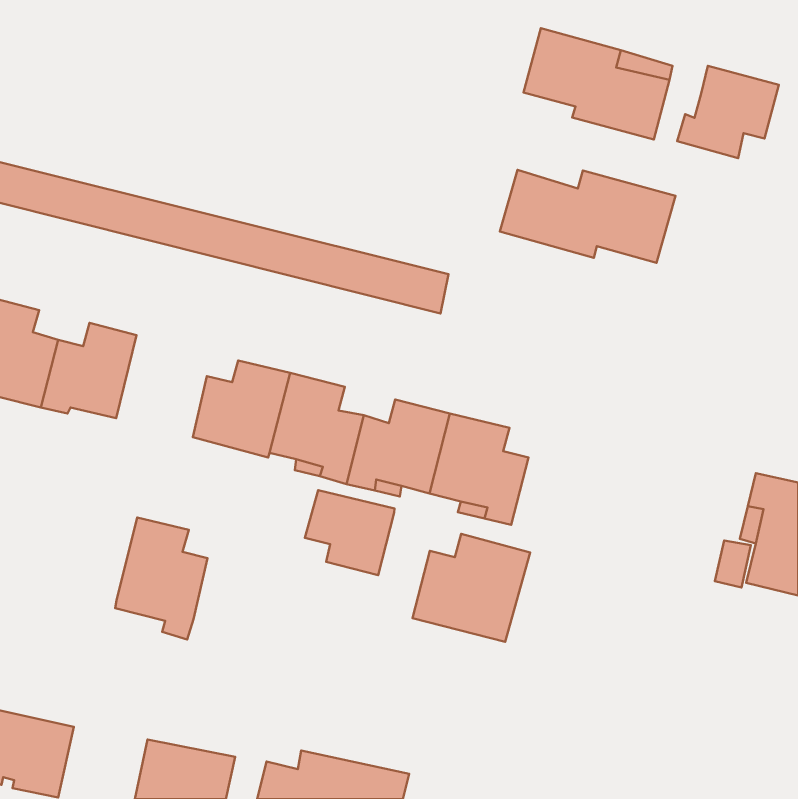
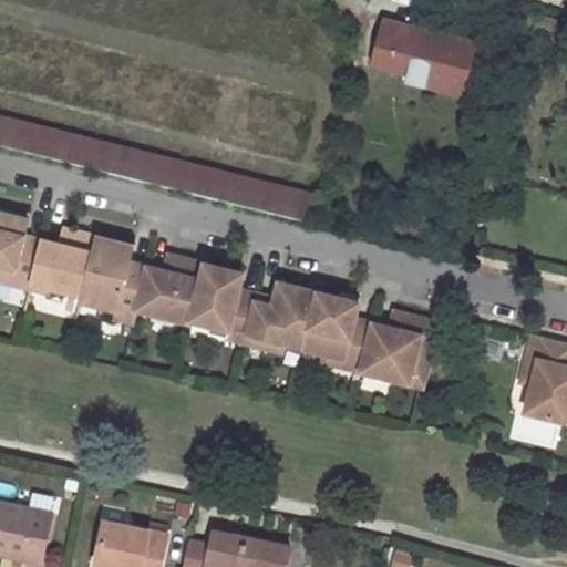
building: [677,66,779,158] -> none
building: [500,170,675,263] -> none
building: [305,490,395,575] -> none
building: [115,517,208,640] -> [81,237,146,323]
building: [413,534,530,642] -> [361,311,444,388]

